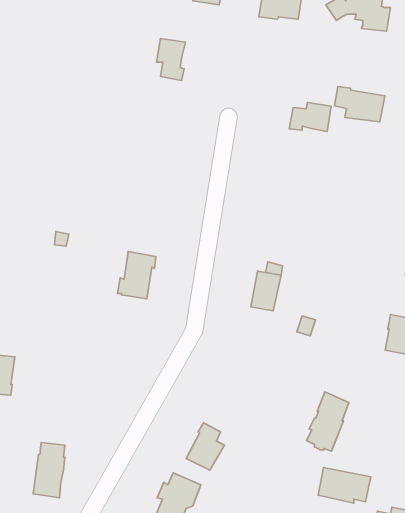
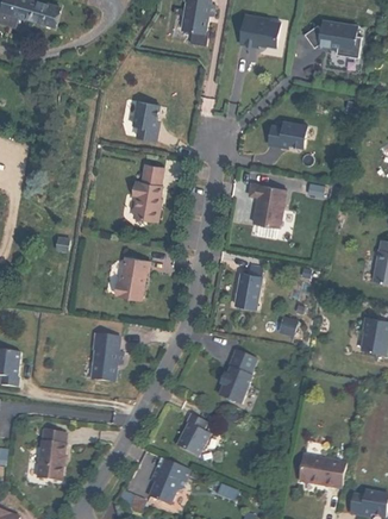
building: [156,38,185,81] -> [134,105,161,143]
building: [335,86,385,122] -> none
building: none -> [133,165,164,223]
building: none -> [250,185,287,227]
building: none -> [92,336,124,382]
building: [307,392,349,451] -> [218,348,256,401]

